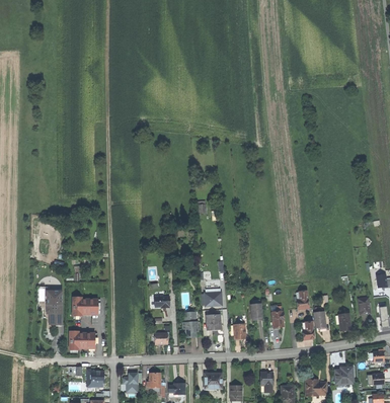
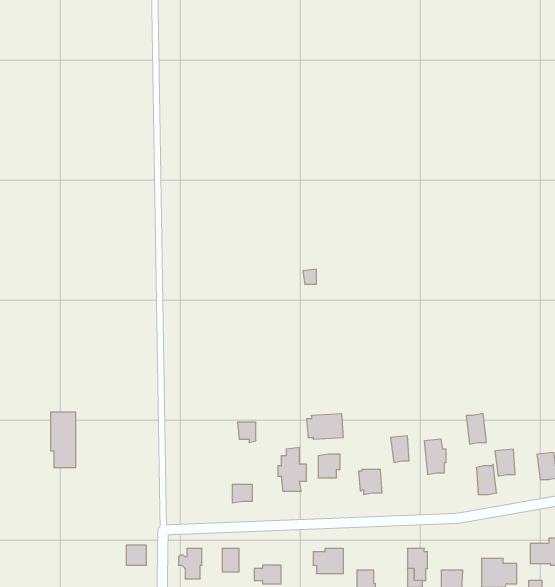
building: [72,298,97,317] -> none
building: [69,332,94,351] -> none

